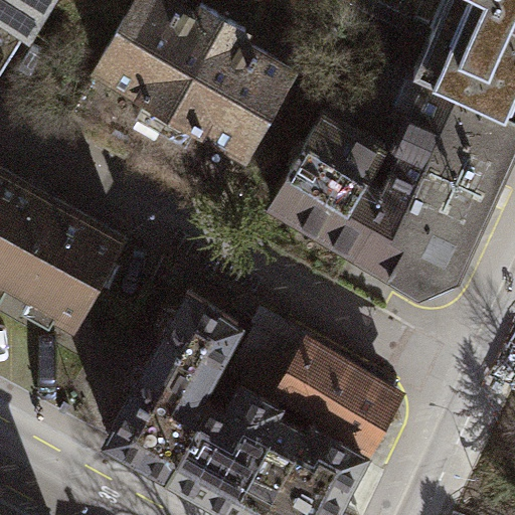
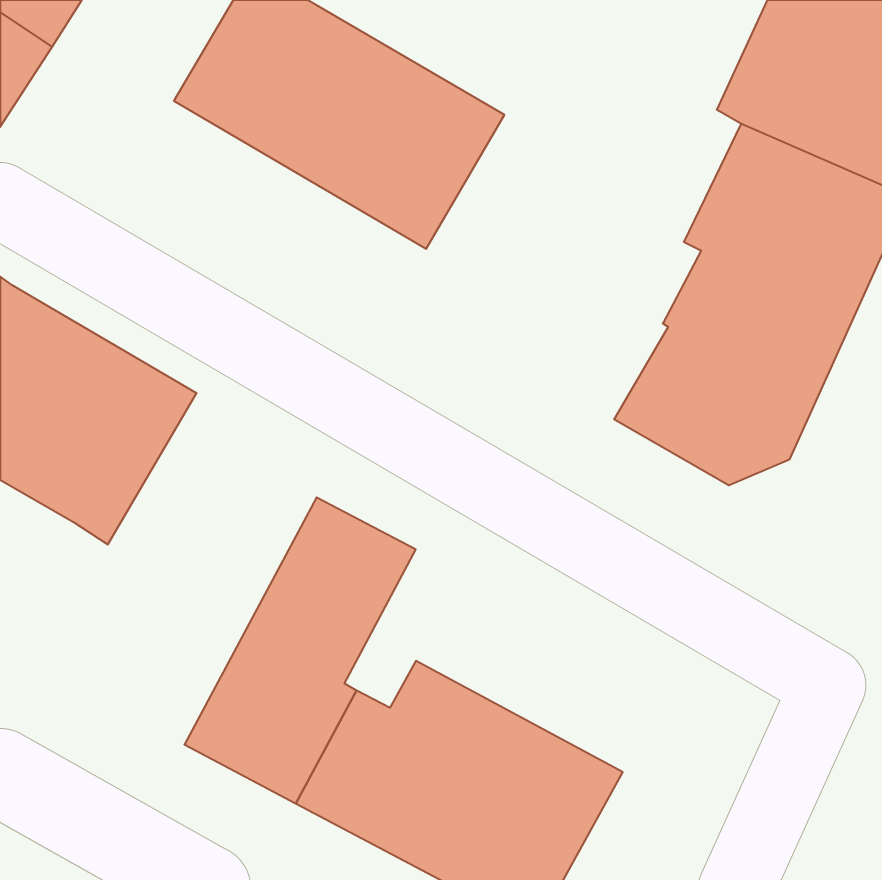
building: [73,63,250,198] -> none
building: [278,112,390,247] -> none
building: [235,325,395,452] -> none

